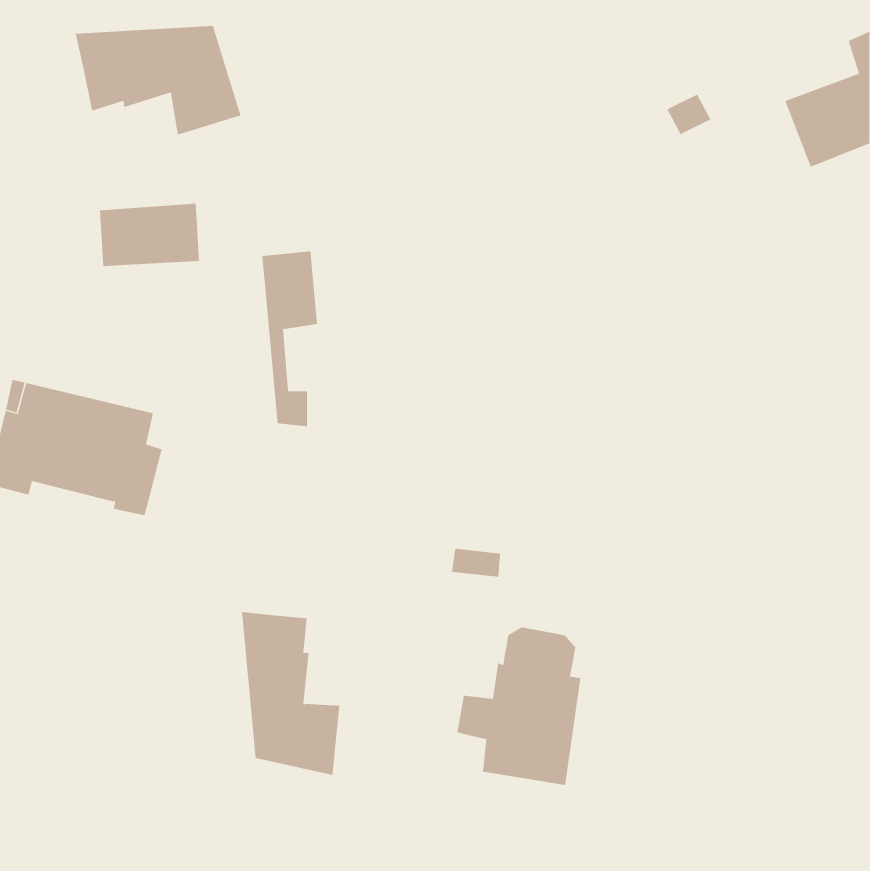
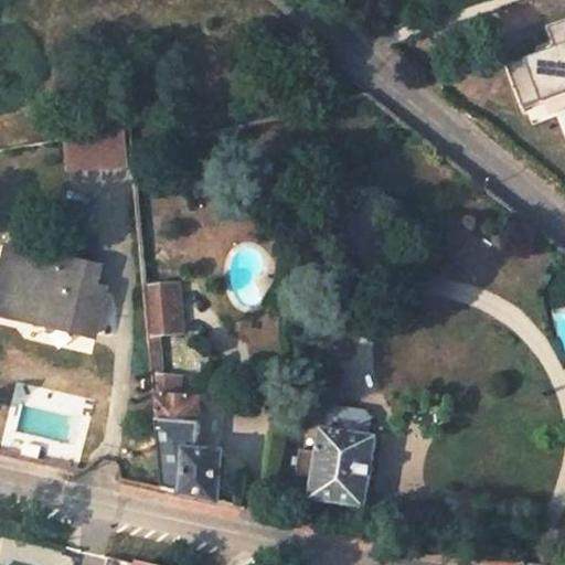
building: [75,25,241,136] -> none
building: [262,251,318,427] -> [146,284,182,397]

